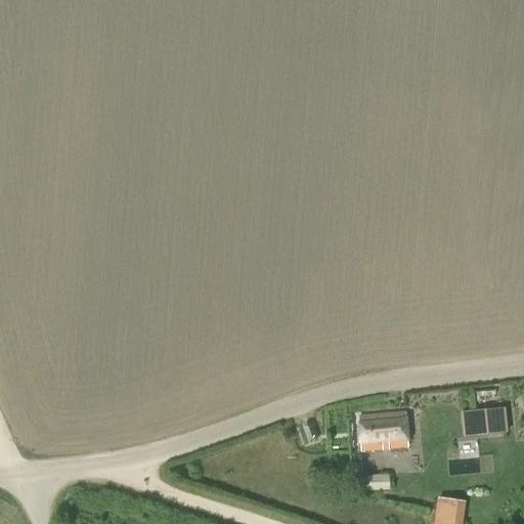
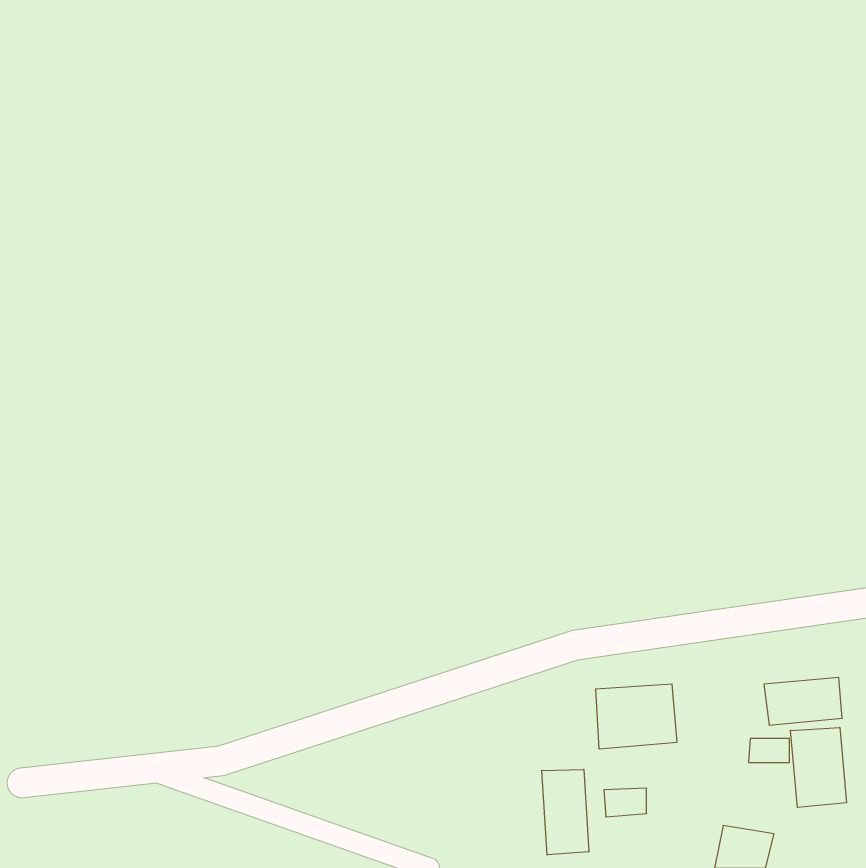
building: none -> [790,727,846,808]
building: none -> [542,769,589,855]

